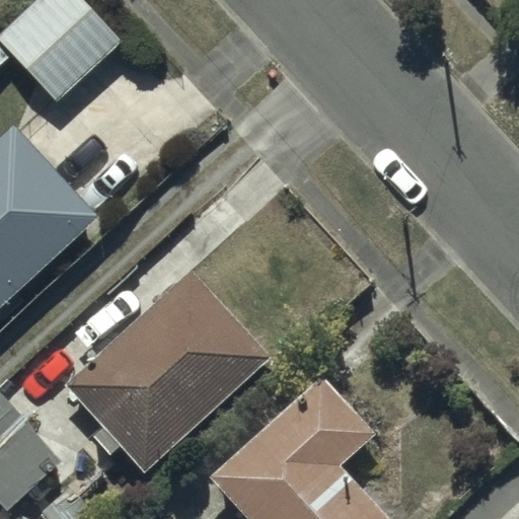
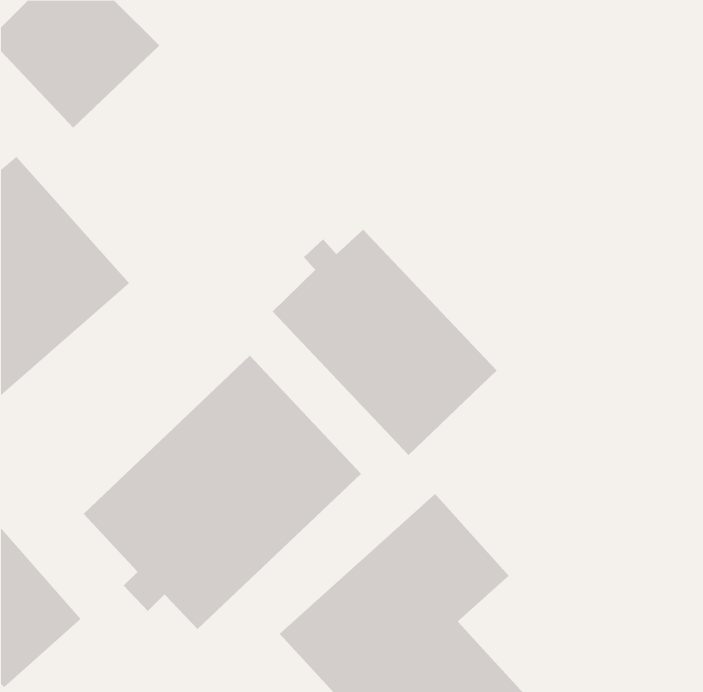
building: none -> [272,229,498,456]

